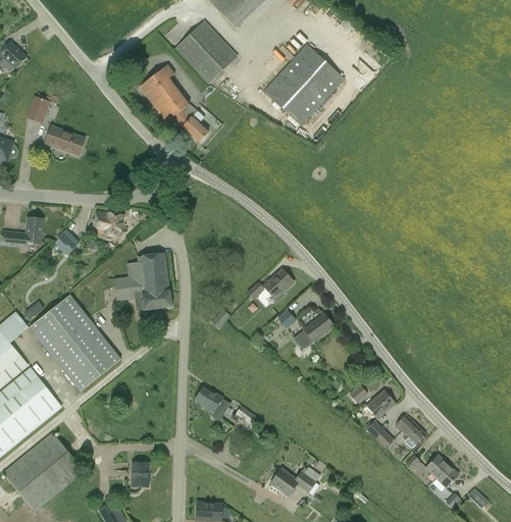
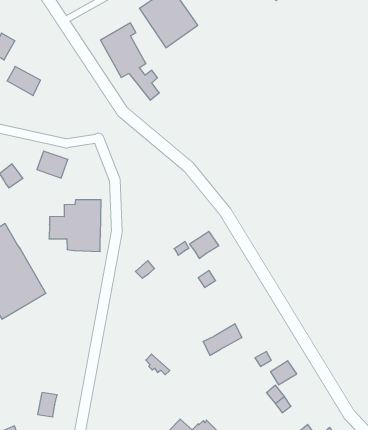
building: [263,43,345,124] -> none
building: [294,312,334,349] -> [203,324,242,355]
building: [195,386,231,419] -> none
building: [396,414,425,447] -> none

